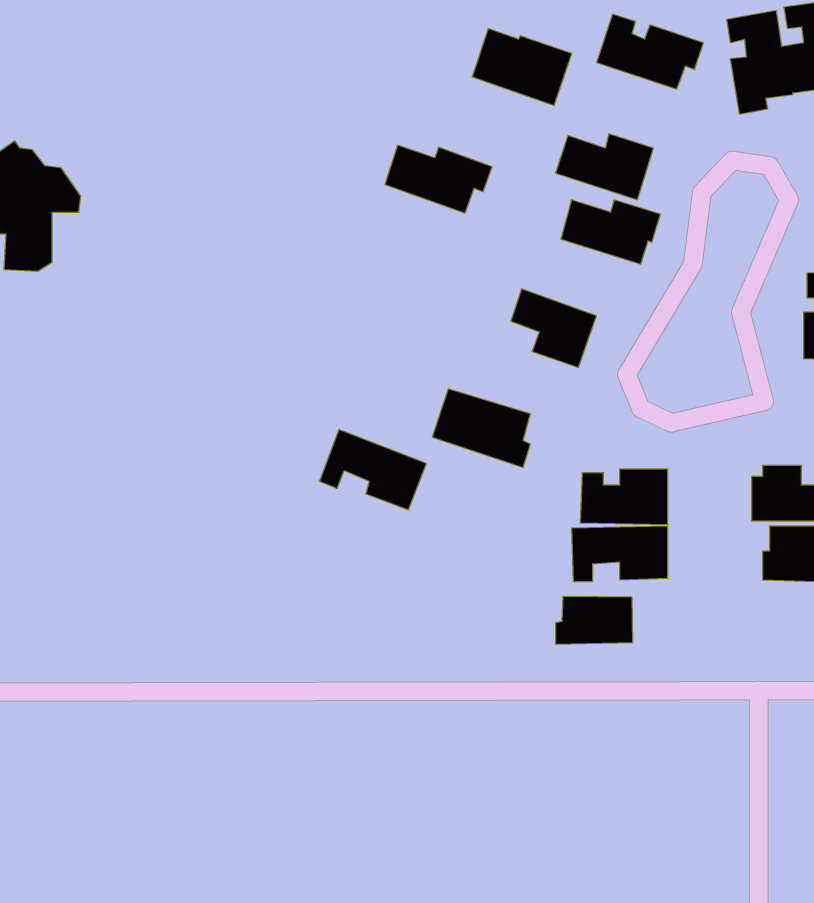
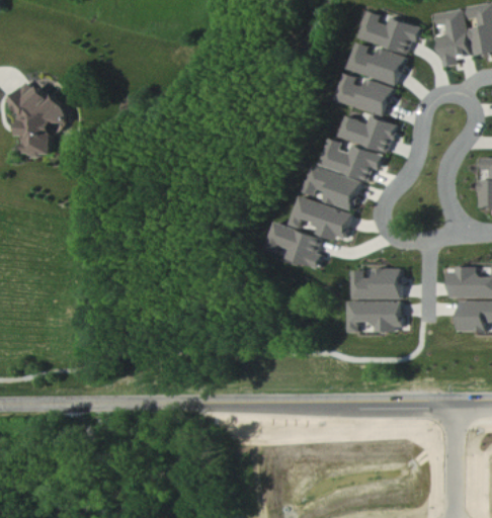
building: [472,29,572,105] -> [347,41,404,85]
building: [385,145,492,213] -> [321,143,382,181]
building: [319,430,426,510] -> [291,195,351,241]
building: [556,596,633,644] -> none

